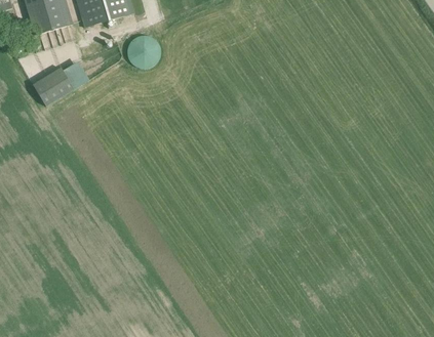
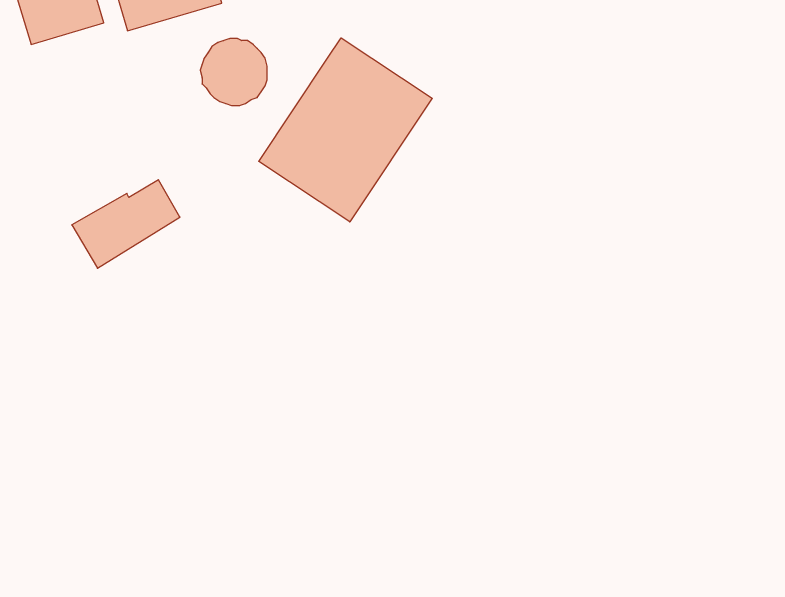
building: none -> [259,38,432,222]
building: [32,60,88,107] -> [72,180,180,268]

